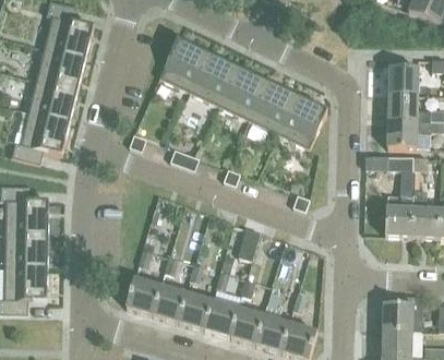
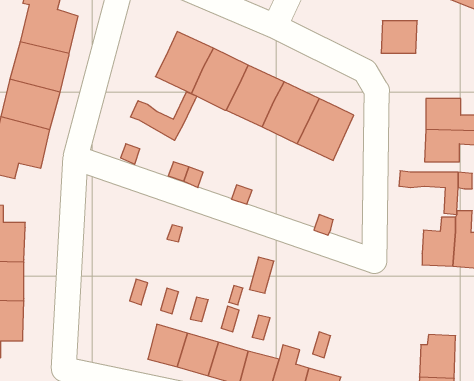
building: [387,68,418,95] -> [381,21,417,53]
building: none -> [131,92,197,140]
building: [124,278,159,315] -> none

